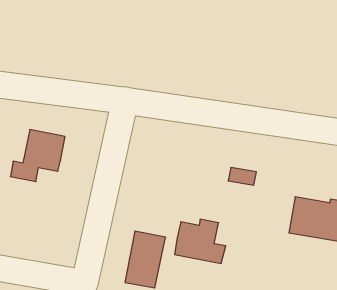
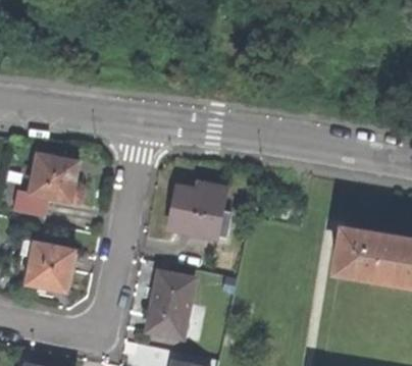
building: none -> [22,240,73,292]
building: [175,219,226,263] -> [172,186,231,237]

